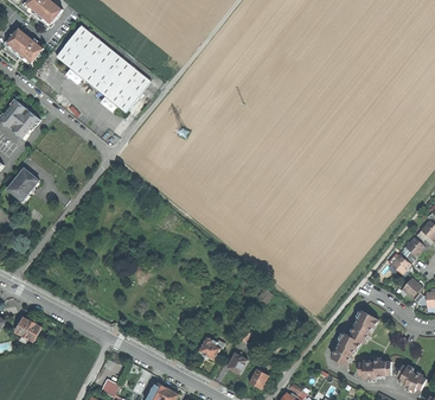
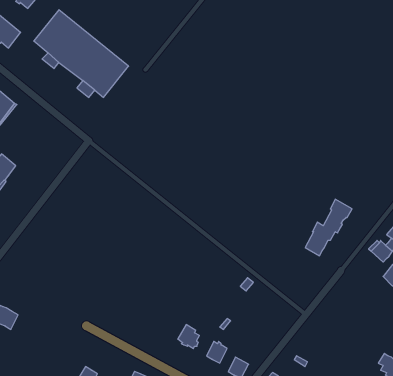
building: [331,310,377,366] -> [305,199,352,256]
building: [358,360,390,379] -> none

